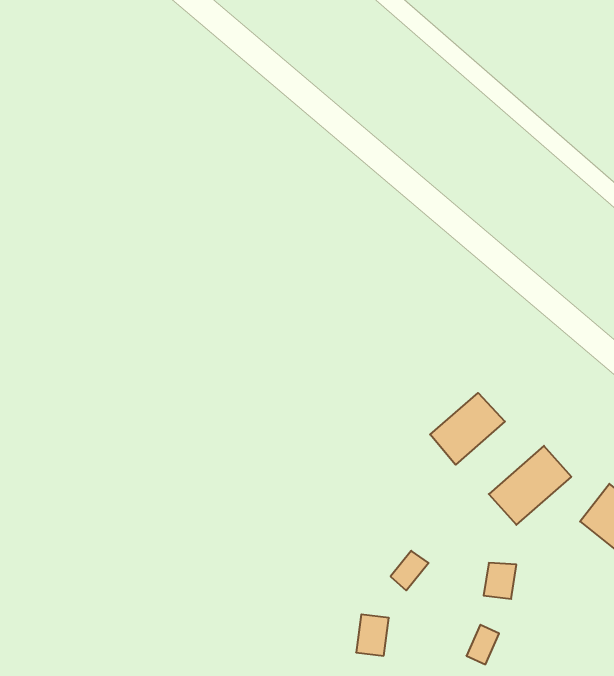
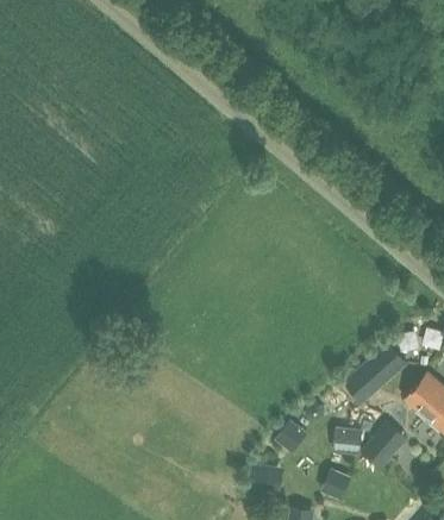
building: [430,393,505,465] -> none
building: none -> [361,421,407,470]

